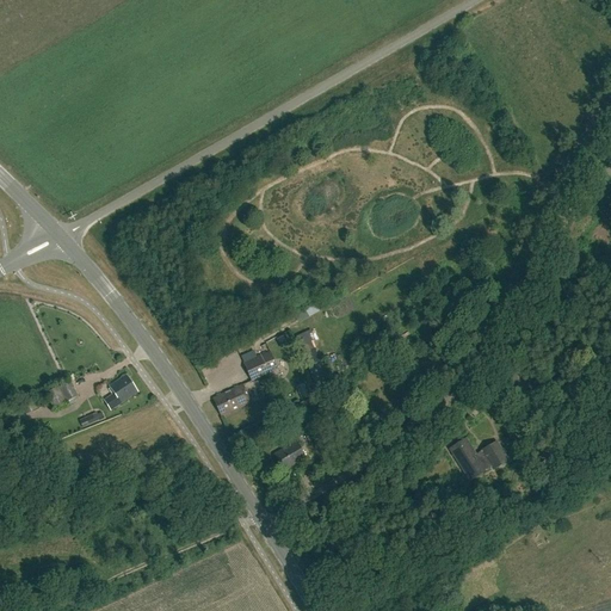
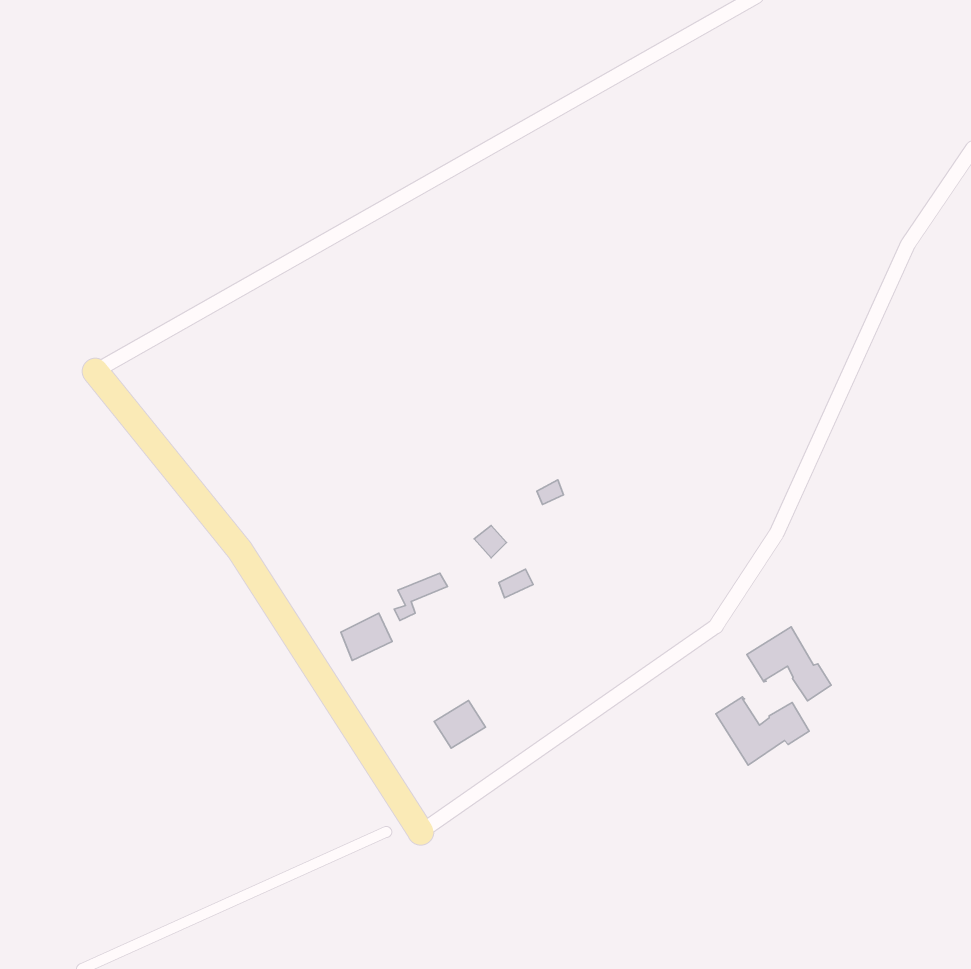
building: [105,374,137,407] -> none
building: none -> [747,627,831,701]

